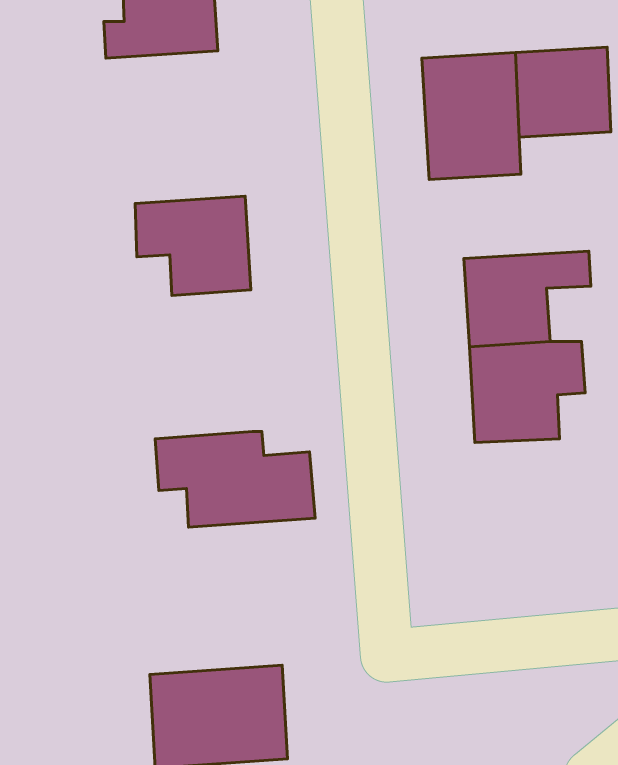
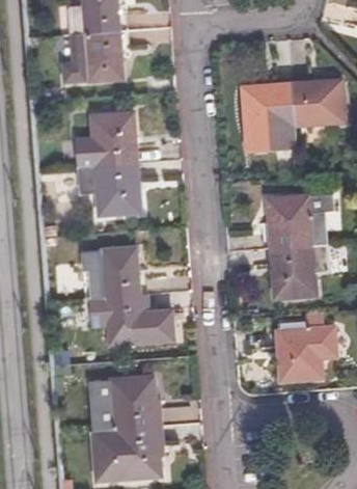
building: none -> [77,109,140,165]
building: none -> [79,243,144,299]
building: none -> [275,324,339,383]
building: none -> [83,371,161,431]

